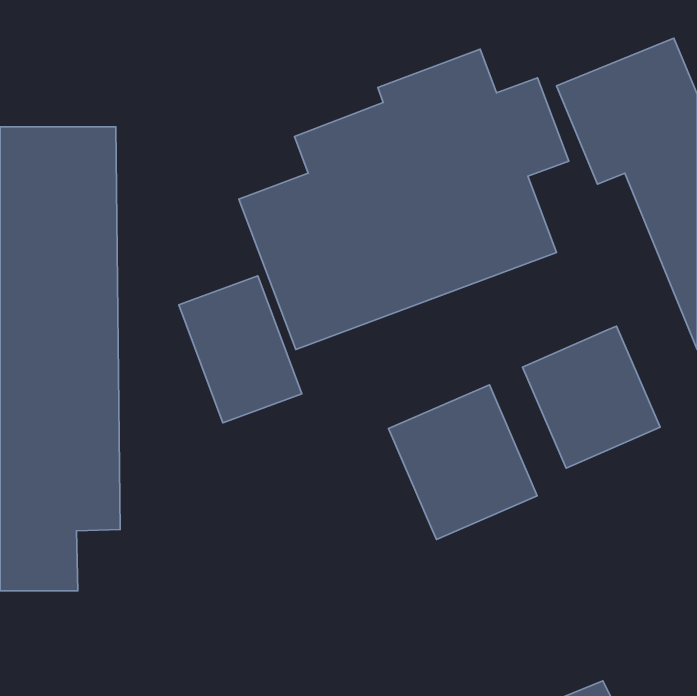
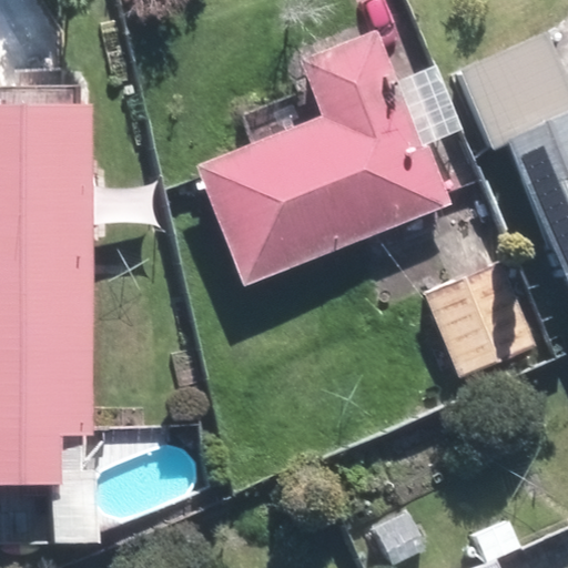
building: [179,276,302,423] -> none
building: [389,385,537,539] -> none

